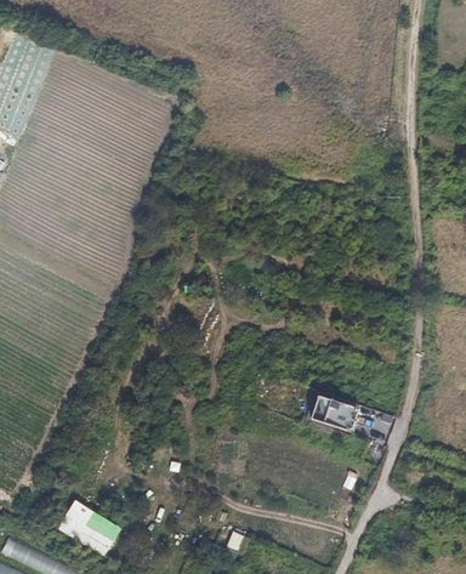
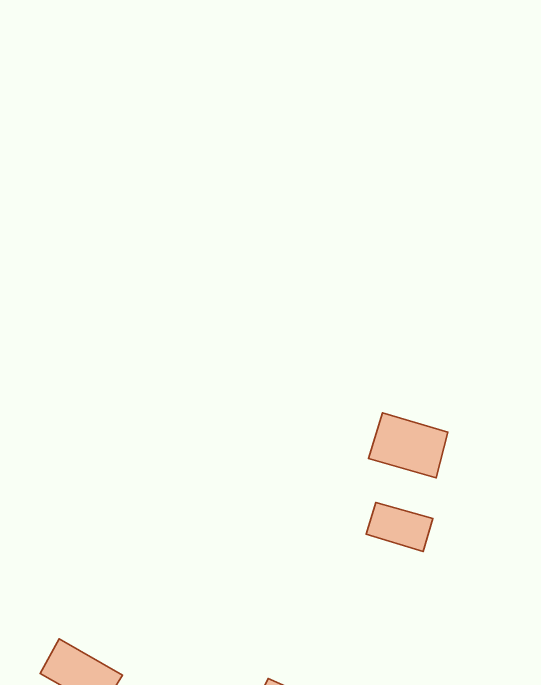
building: none -> [368,413,448,478]

